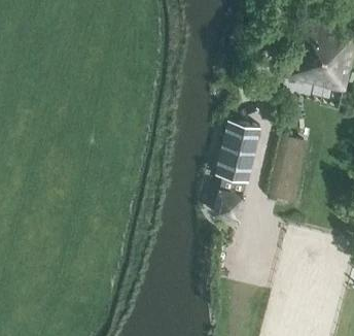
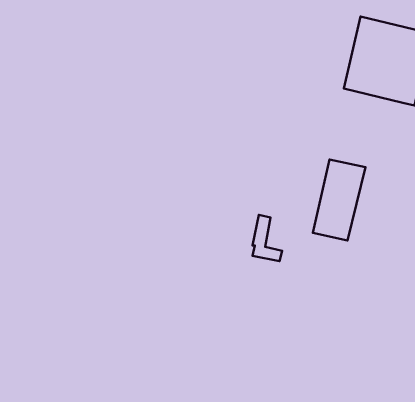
building: [216,123,261,184] -> none

